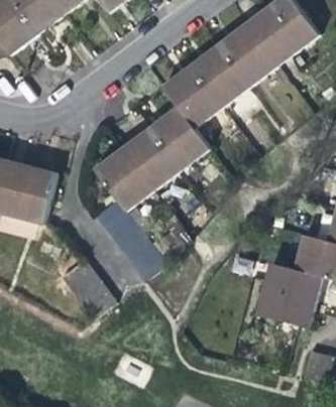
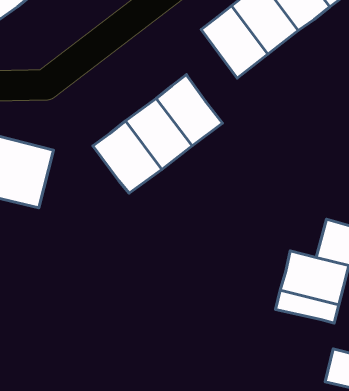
building: [162,63,223,128] -> none
building: [95,198,166,279] -> none
building: [62,257,117,318] -> none

